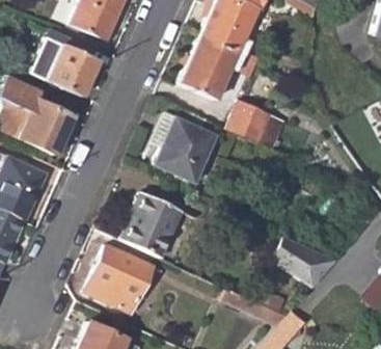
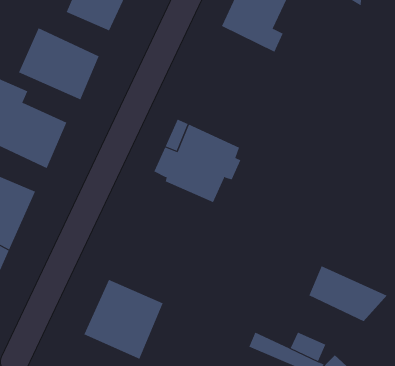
building: [178,35,244,100] -> none
building: [226,102,269,142] -> none
building: [120,193,181,258] -> none

